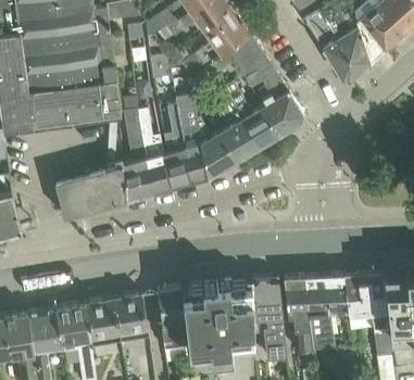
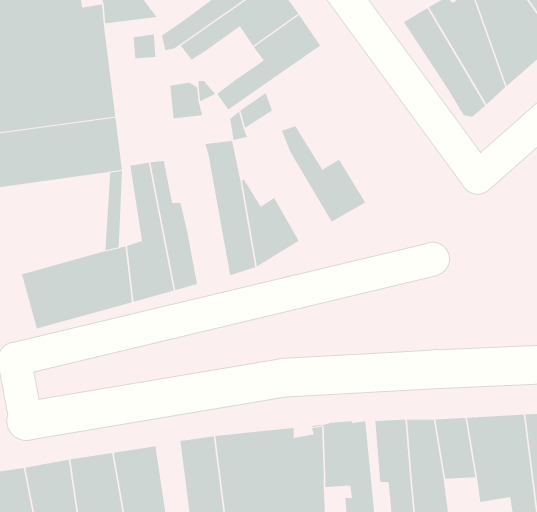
building: [229,39,303,138] -> none
building: [218,105,256,163] -> none
building: [163,107,190,191] -> none

